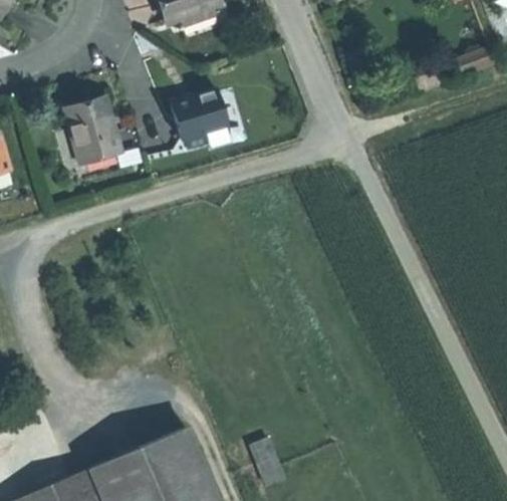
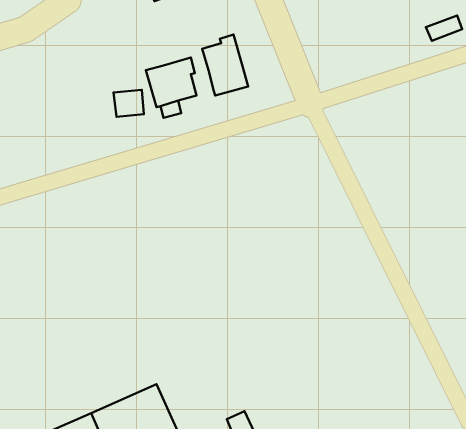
building: none -> [202,34,248,96]
building: [65,96,125,164] -> none

